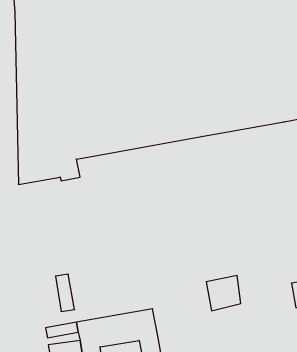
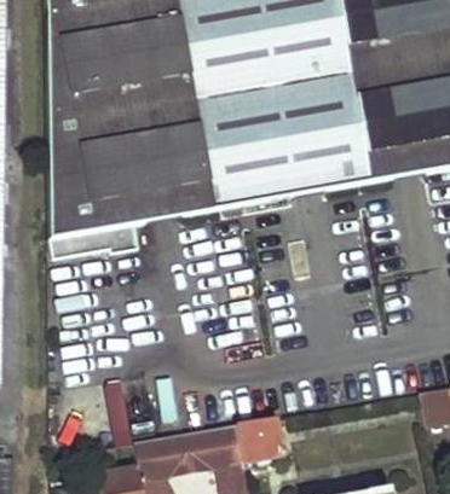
building: [206,275,241,311] -> [235,414,281,461]

